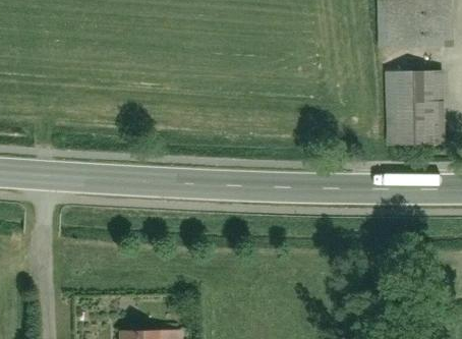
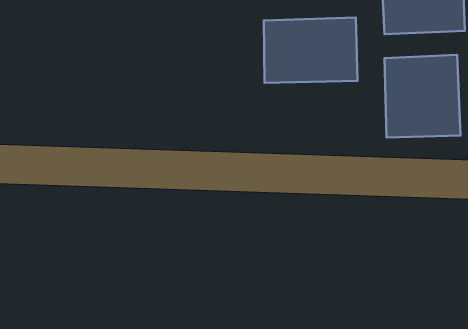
building: none -> [264,18,358,83]

